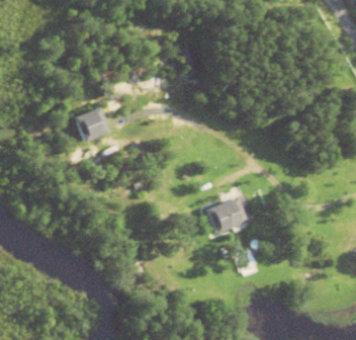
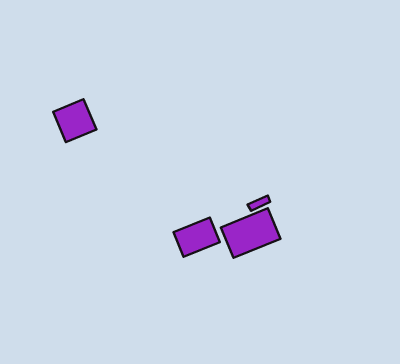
building: none -> [174,217,220,257]

